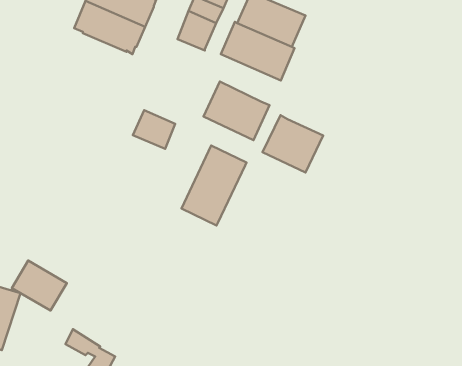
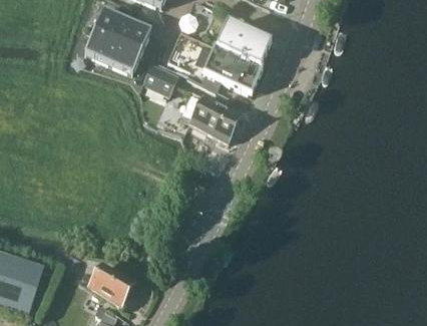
building: [133,110,175,149] -> [142,63,176,94]
building: [263,115,323,172] -> none
building: [181,146,246,226] -> none
building: [12,261,67,310] -> [89,265,133,305]

